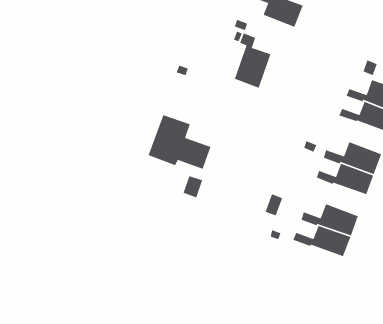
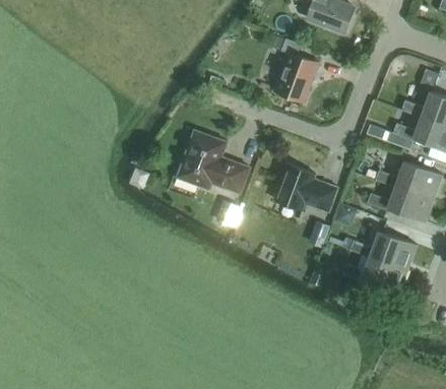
building: none -> [273,164,337,212]

